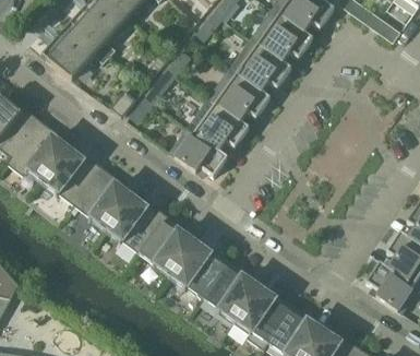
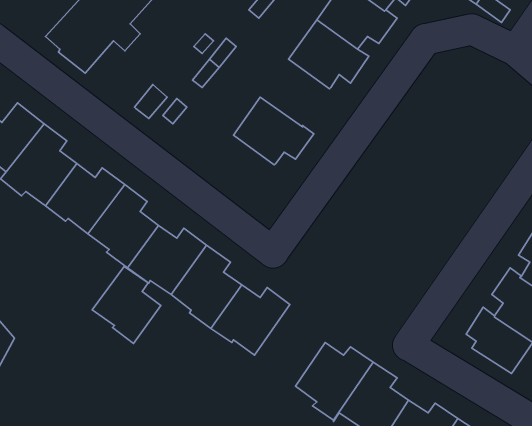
building: [208,69,272,121] -> none
building: [170,128,229,176] -> none
building: none -> [92,266,161,343]
building: [204,259,259,322] -> none

